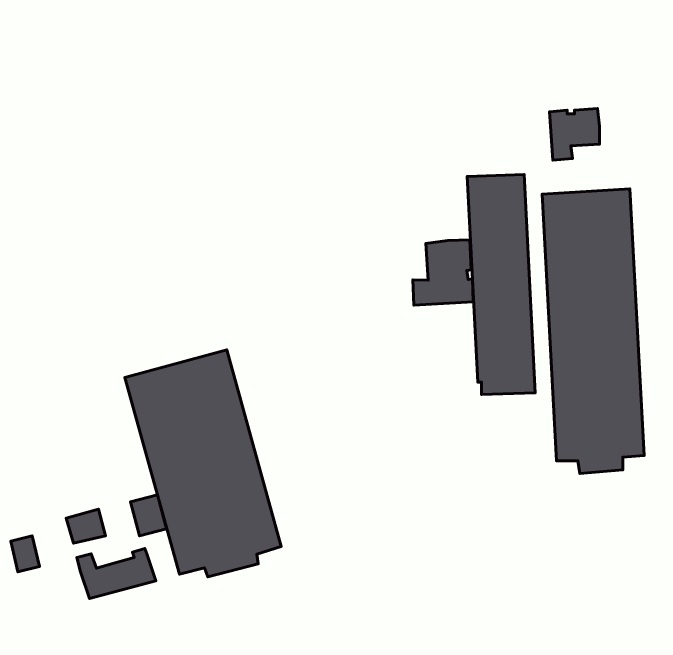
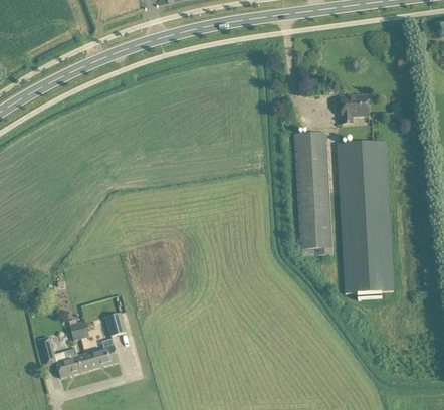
building: [413,240,473,305] -> none
building: [125,350,281,577] -> none
building: none -> [56,347,82,376]

